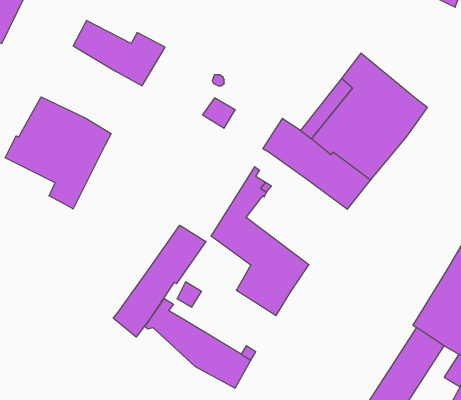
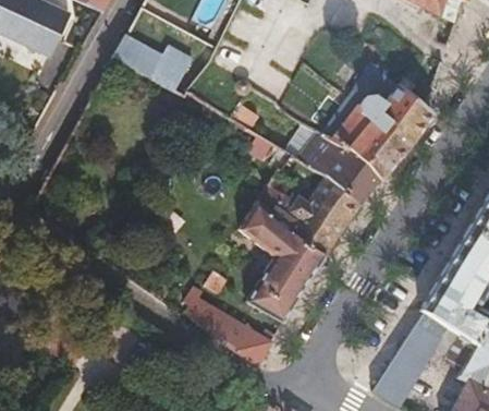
building: [5,97,111,209] -> none
building: none -> [269,178,360,255]
building: [113,225,206,337] -> none
building: none -> [247,278,296,323]

